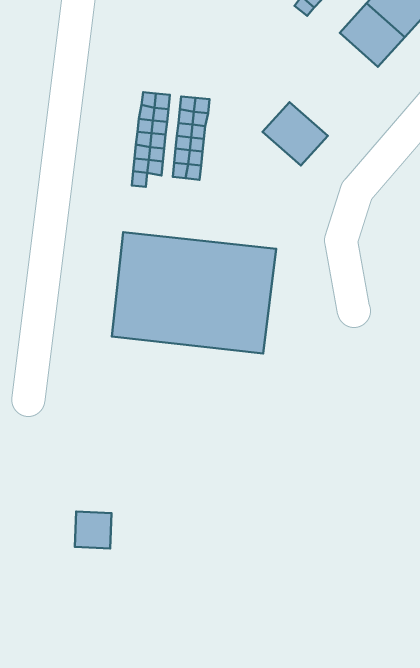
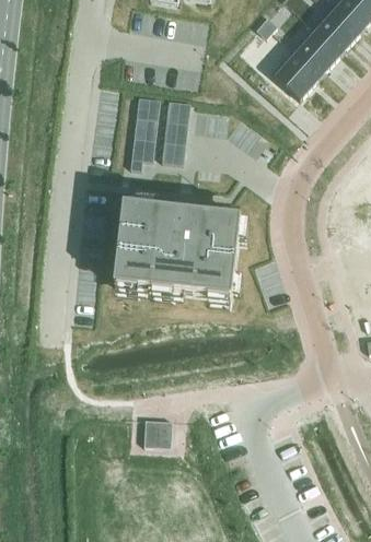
building: [263,102,328,166] -> [270,49,321,98]
building: [75,512,111,548] -> [143,417,172,446]

